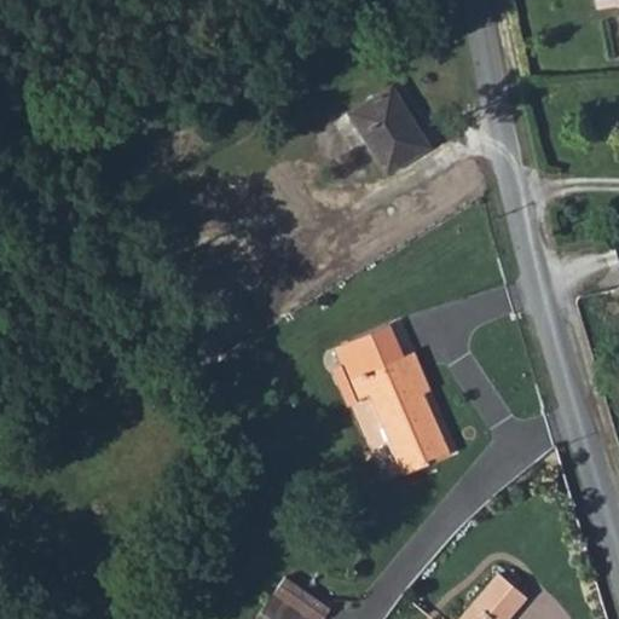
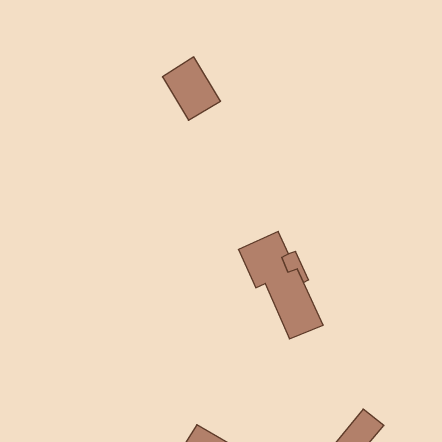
building: [346,83,427,172] -> [162,57,221,120]

